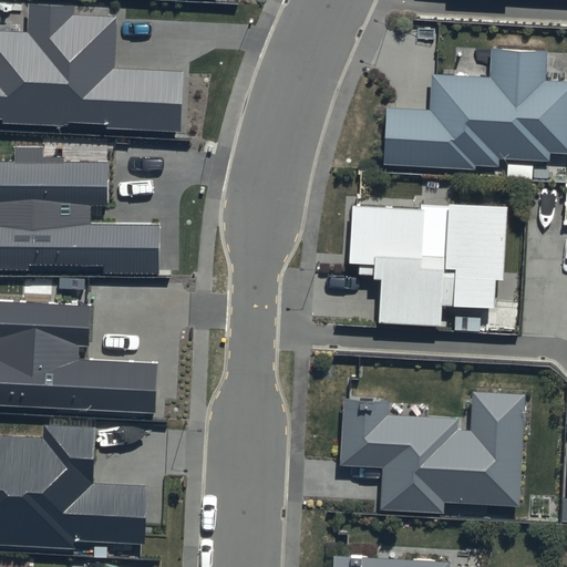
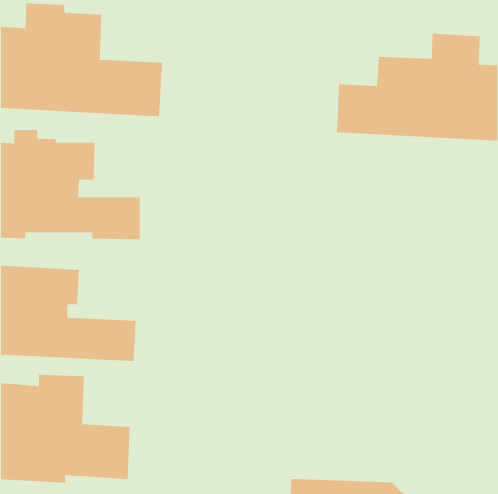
building: [349,193,504,321] -> none
building: [339,384,524,508] -> none

